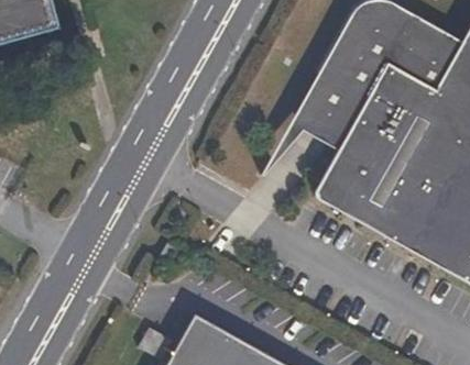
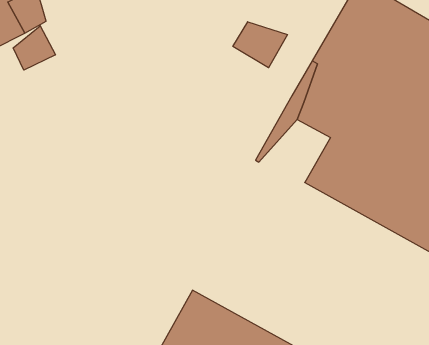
building: none -> [233,22,287,68]
building: none -> [13,26,55,70]

